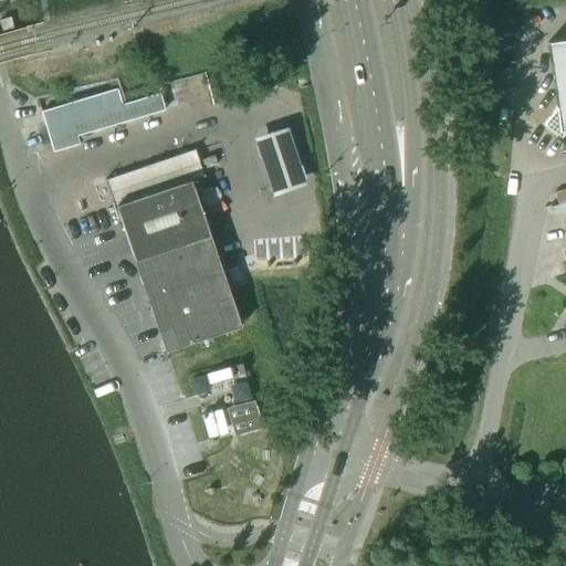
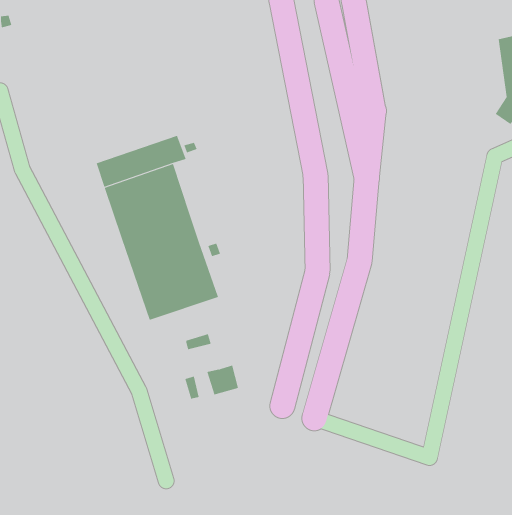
building: [43,87,168,150] -> none
building: [255,126,310,196] -> none

